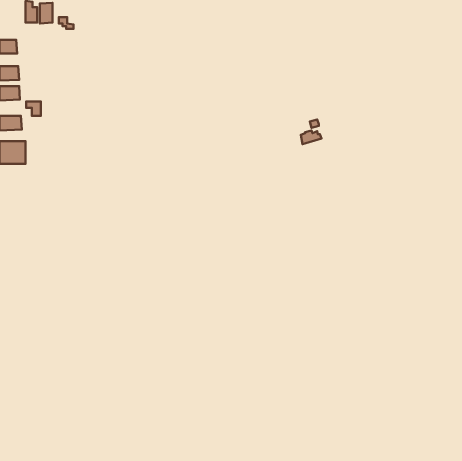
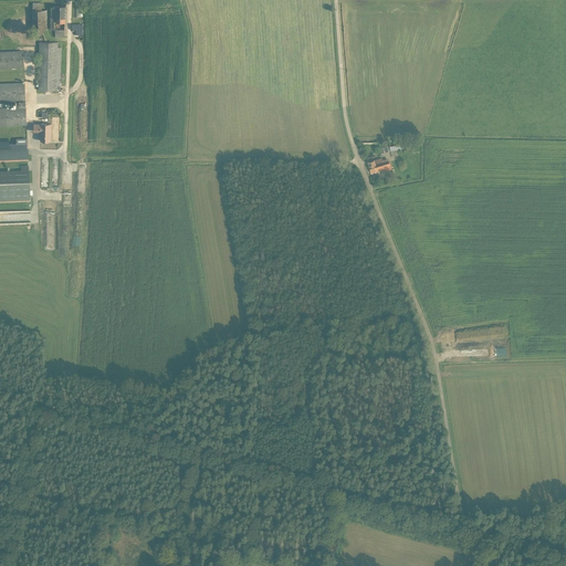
building: none -> [36,42,60,92]

